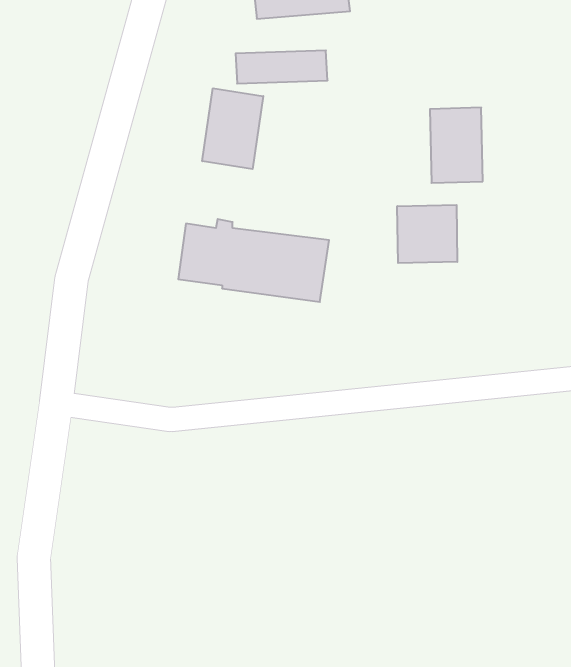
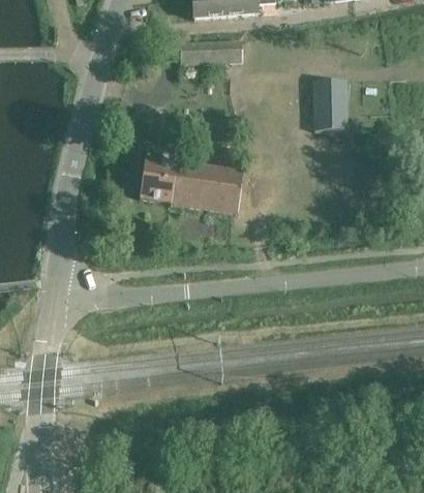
building: [202,88,263,169] -> none
building: [397,205,457,263] -> none

